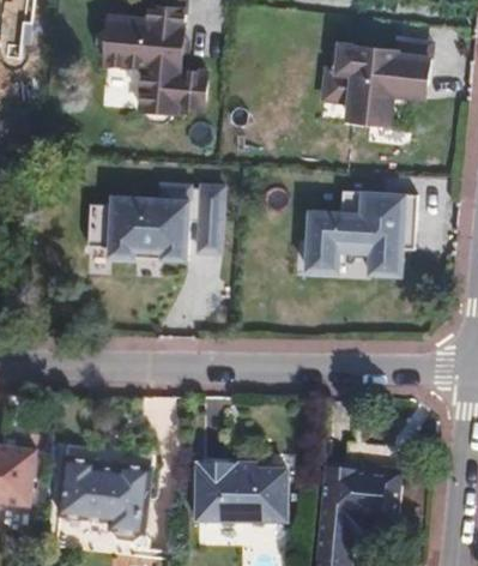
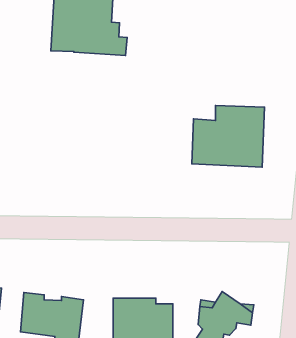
building: [325,37,441,124] -> none
building: [92,185,229,259] -> none

